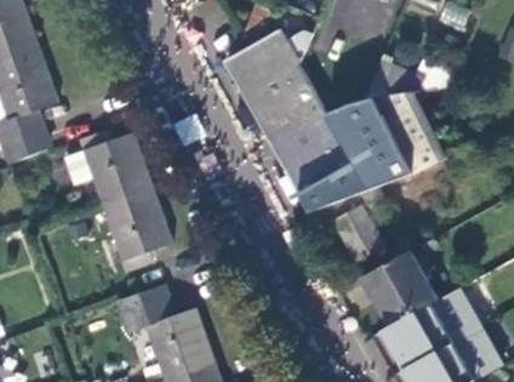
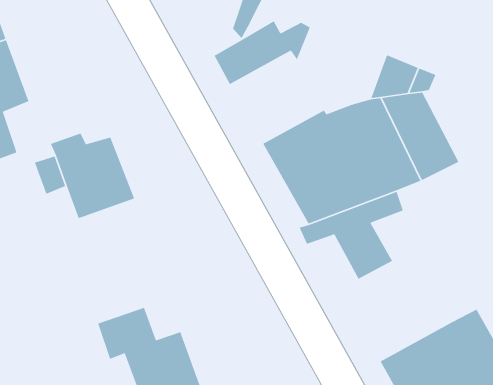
building: [239,57,324,139] -> none
building: [103,189,173,272] -> none
building: [362,251,438,326] -> none

